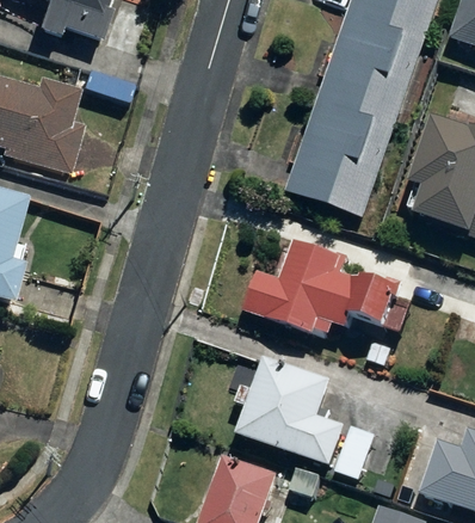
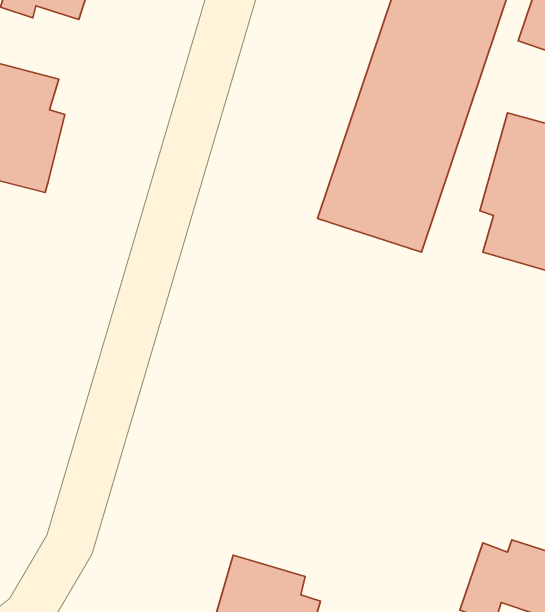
building: [247,238,414,334] -> none
building: [235,349,376,494] -> none

